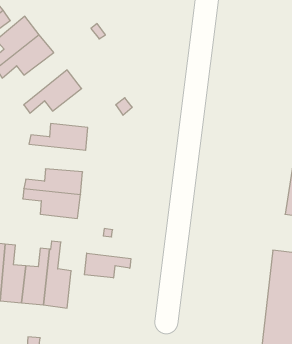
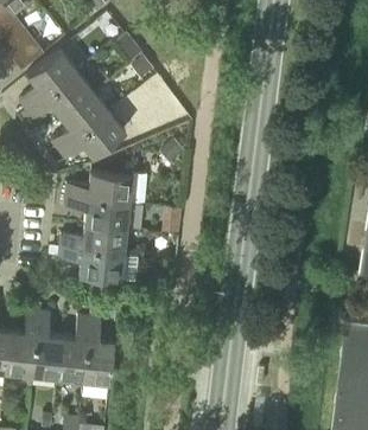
building: none -> [52,92,109,153]
building: none -> [64,198,131,230]
building: [84,253,131,278] -> none

